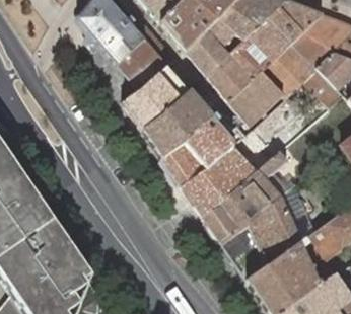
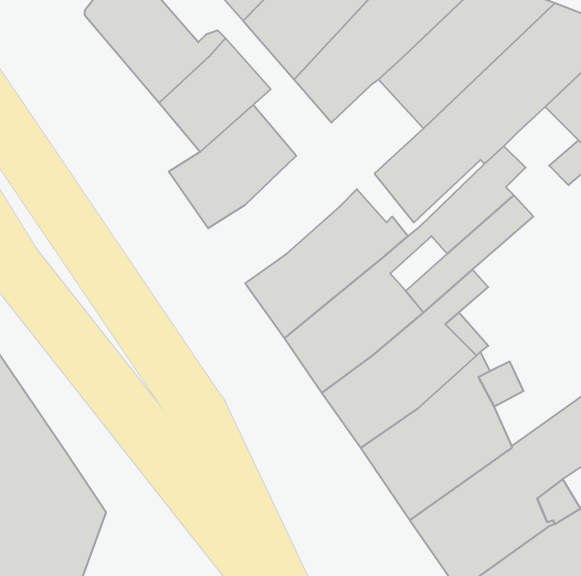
building: [207,52,255,100] -> none
building: [143,91,211,157] -> none

